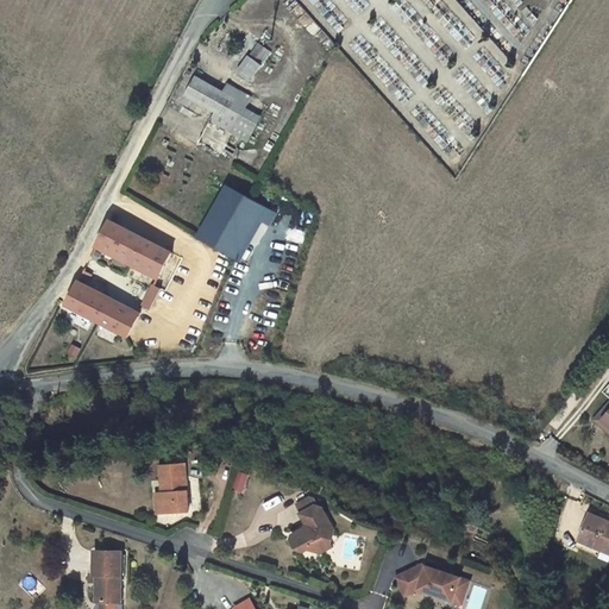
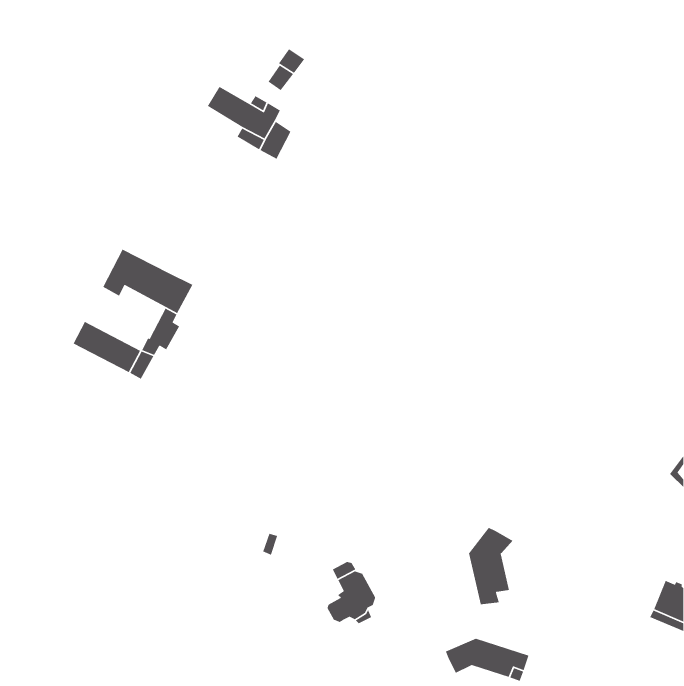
building: [196,186,275,259] -> none
building: [158,464,187,513] -> none
building: none -> [468,527,514,605]
building: [88,551,120,602] -> none

